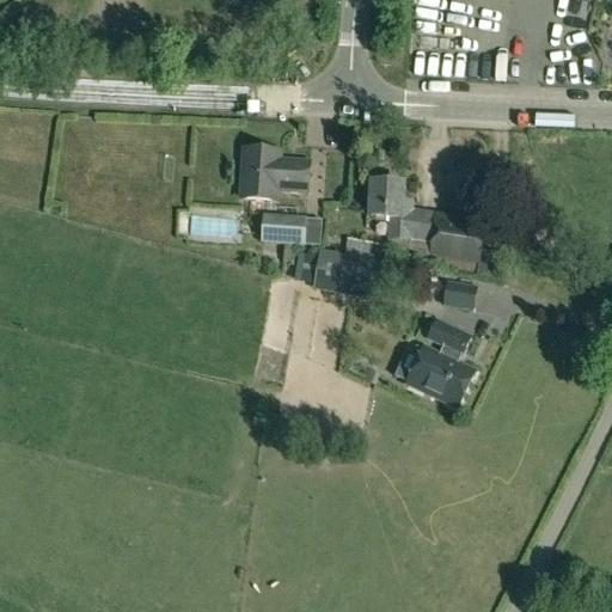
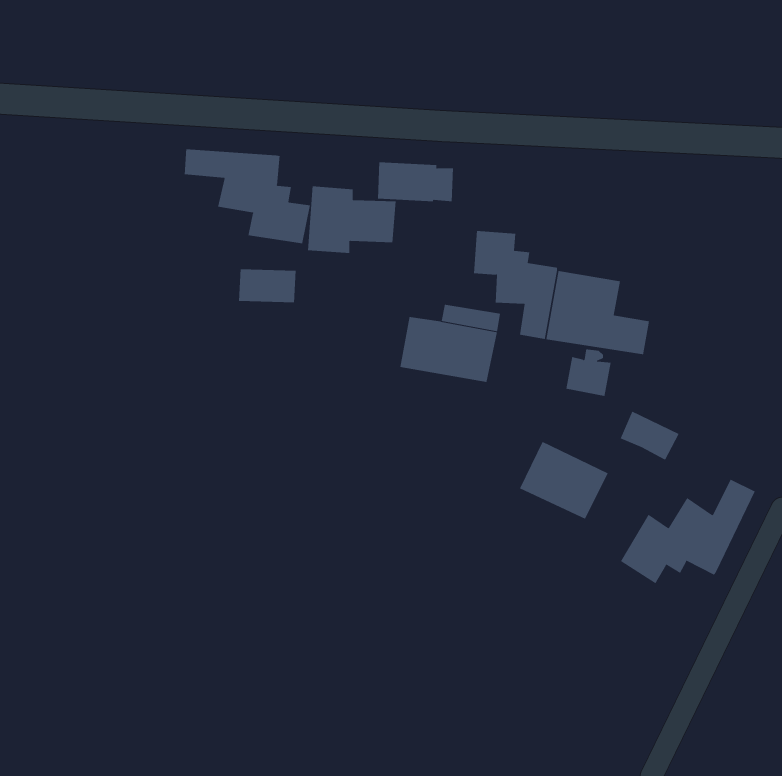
building: none -> [184,148,311,244]
building: [259,210,319,241] -> [377,162,454,202]
building: [424,314,471,353] -> [620,411,680,460]
building: none -> [620,479,756,584]

